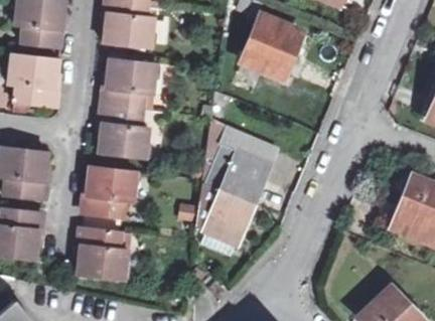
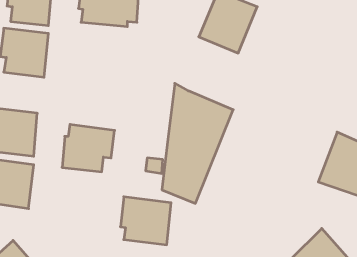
building: [94,55,173,159] -> none
building: [72,224,132,281] -> [120,197,171,245]

